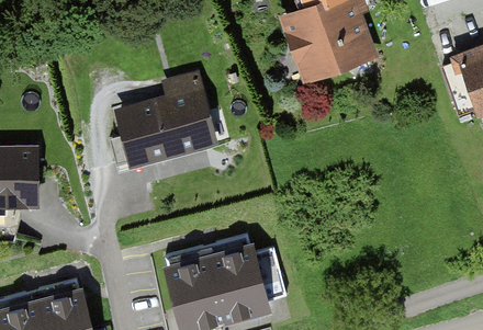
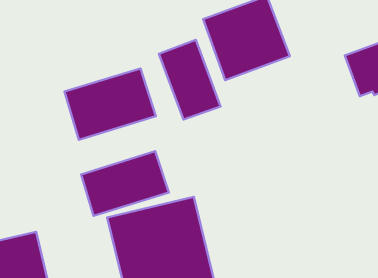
building: none -> [159,40,220,119]
building: none -> [81,151,169,216]

